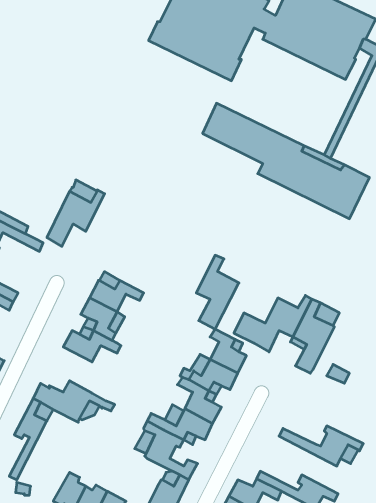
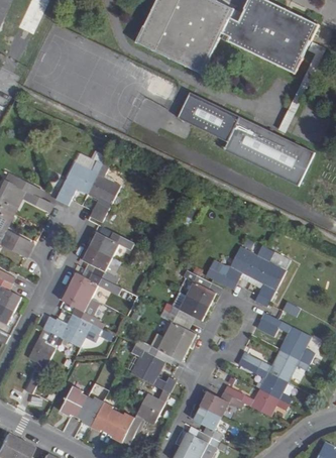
building: [196,255,239,329] -> [86,163,120,223]
building: none -> [62,287,95,324]
building: none -> [261,313,313,364]
building: none -> [238,358,292,405]

